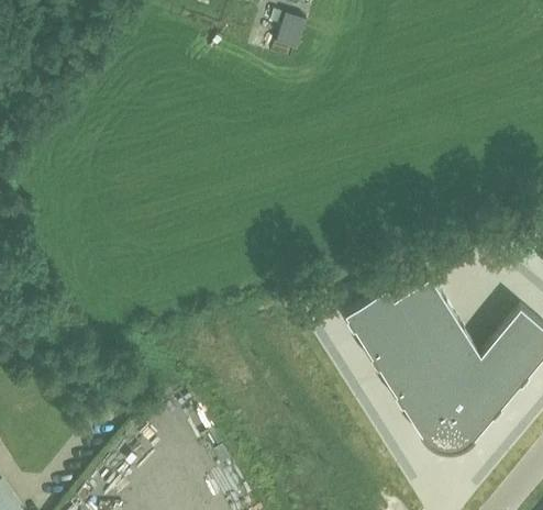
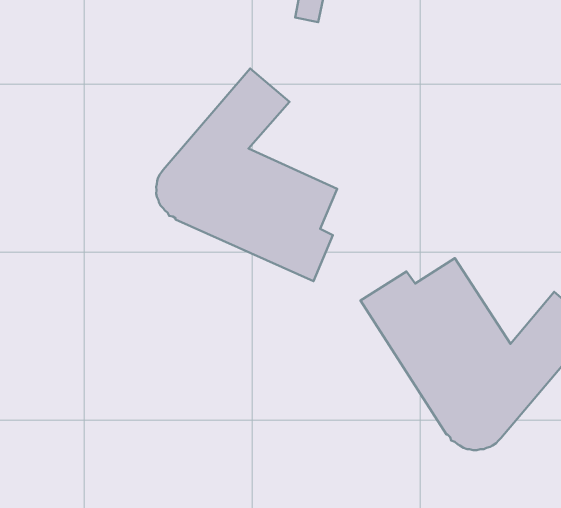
building: none -> [156,68,337,281]

